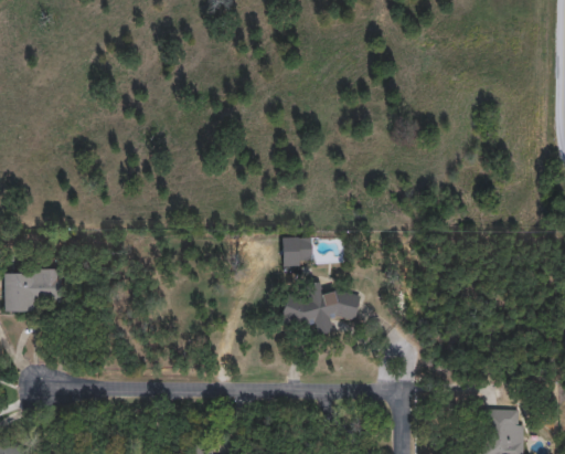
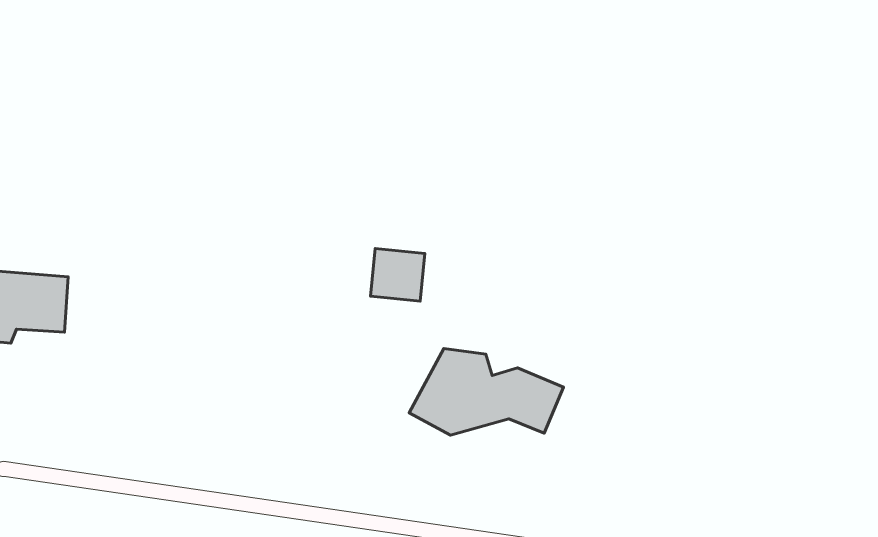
building: [281,237,312,267] -> [371,248,425,301]

